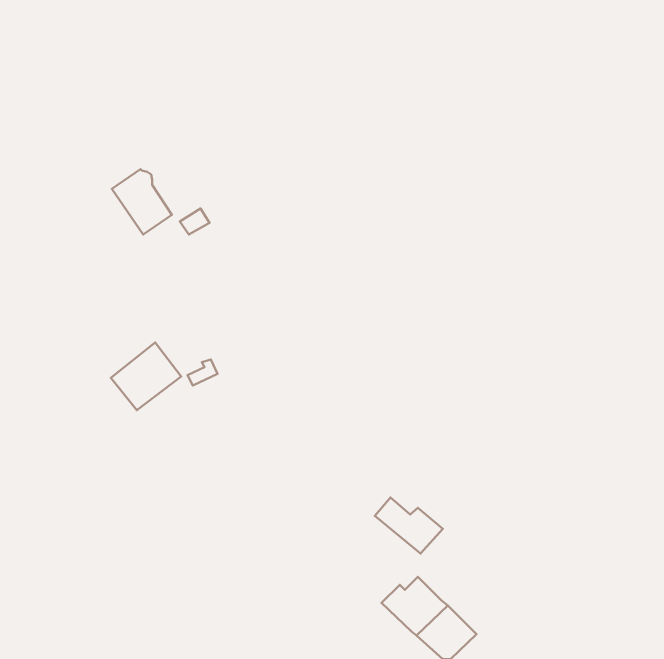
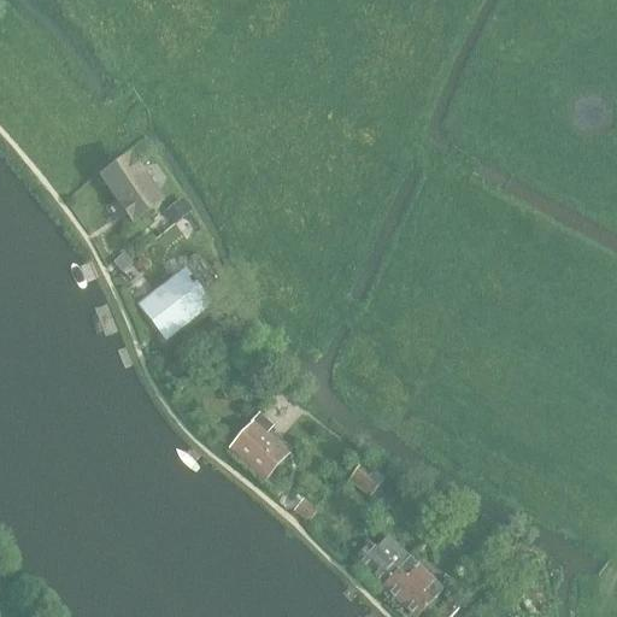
building: [111,343,181,410] -> [142,270,207,333]
building: none -> [229,421,286,475]

